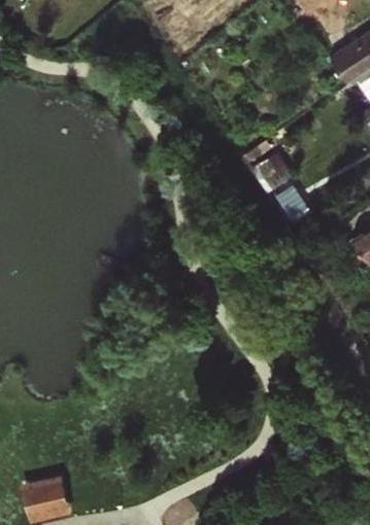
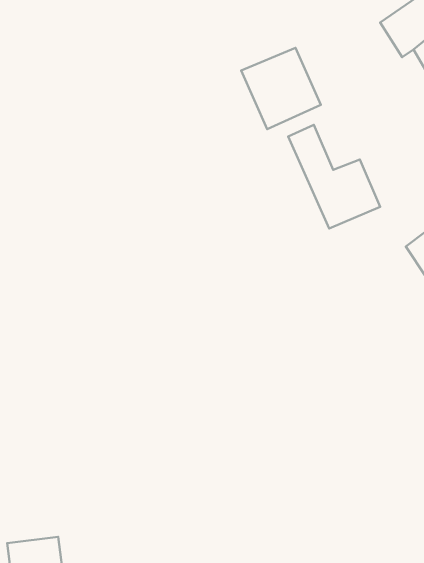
building: none -> [241,48,321,129]

